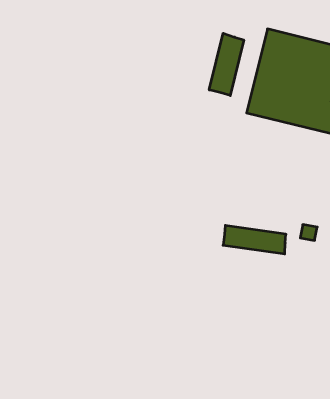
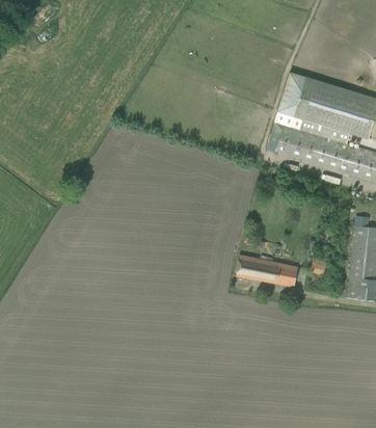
building: [209,33,244,96] -> none

